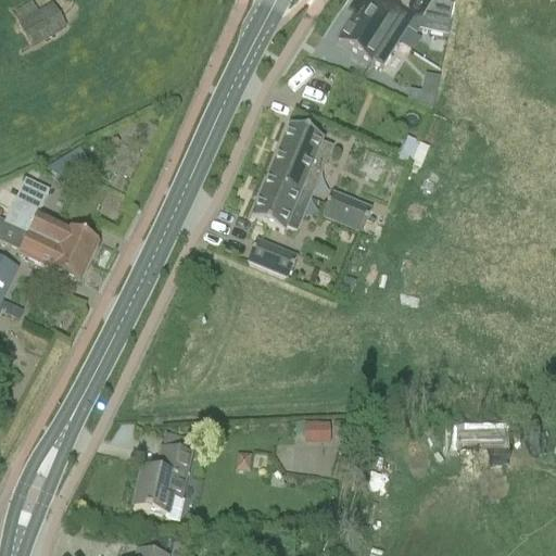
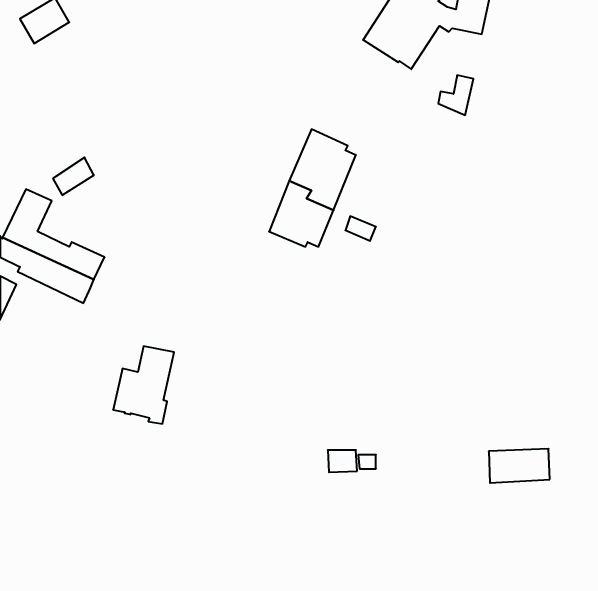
building: [326,187,370,229] -> none
building: [245,235,296,274] -> none
building: [134,446,190,518] -> [113,346,174,424]

